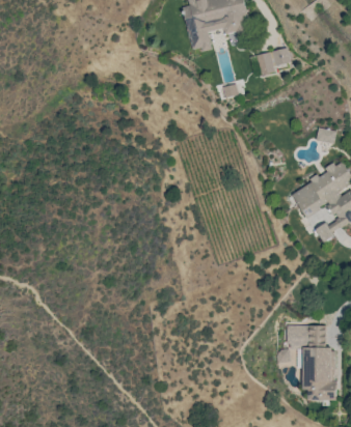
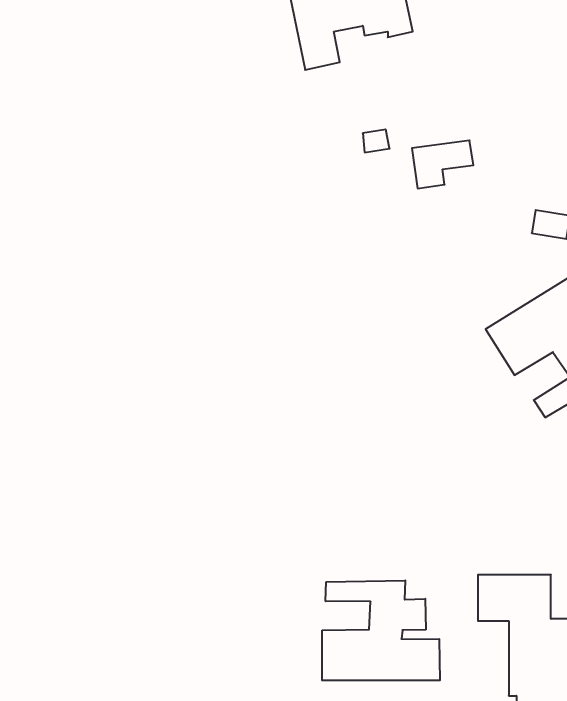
building: [256,50,290,76] -> [412,140,473,188]
building: none -> [322,580,440,680]

